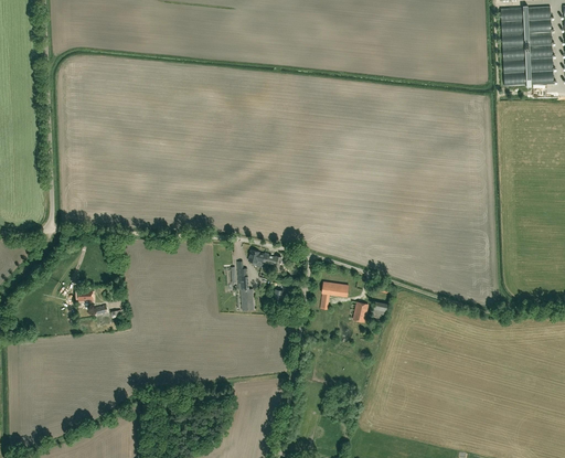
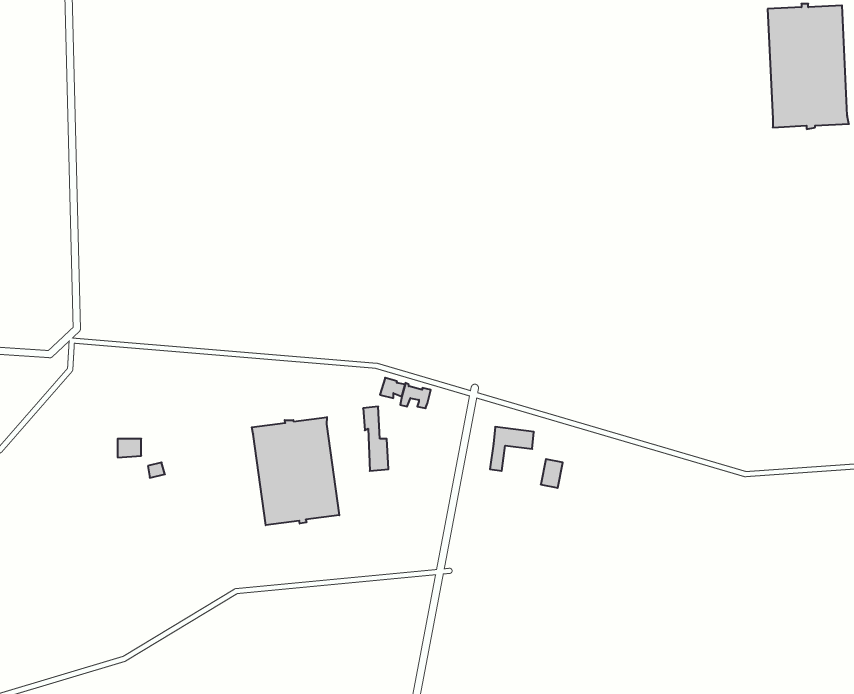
building: none -> [252,417,339,525]

